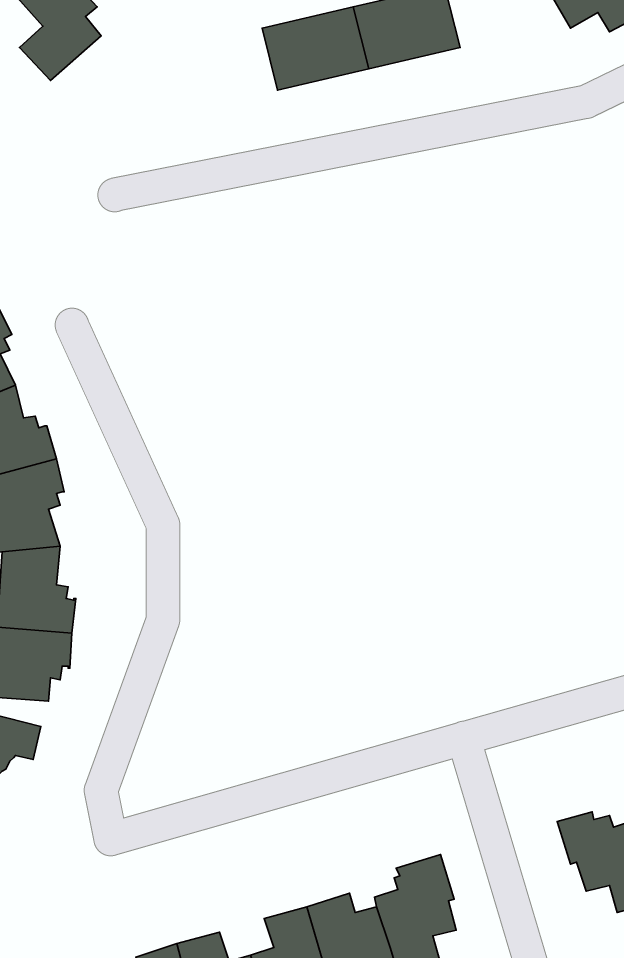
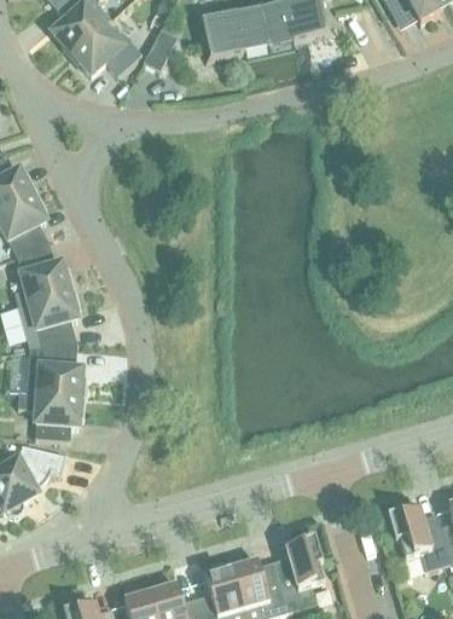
building: none -> [71,24,141,75]
building: none -> [141,27,178,71]

